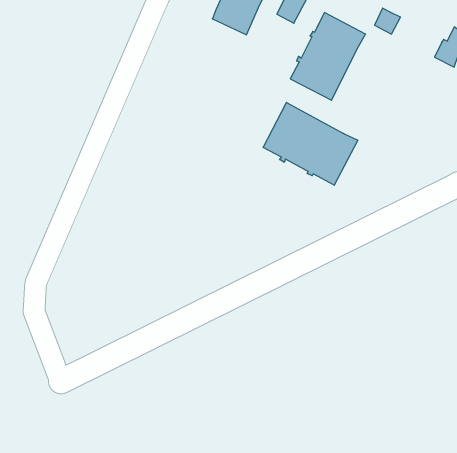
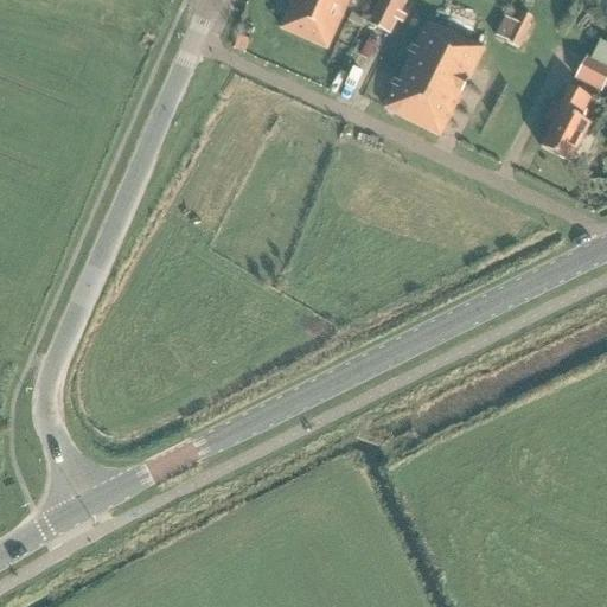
building: none -> [542,82,592,159]
building: [263,102,358,185] -> none

